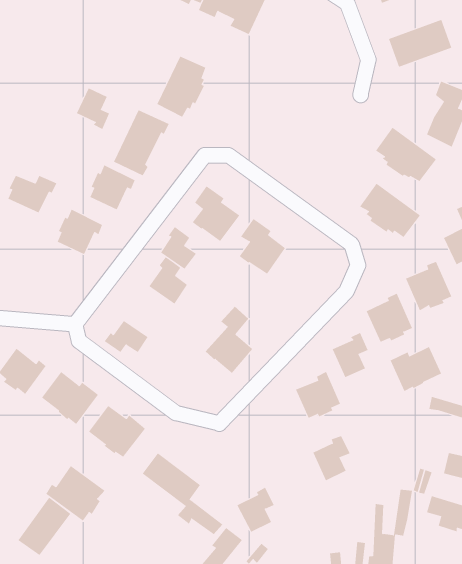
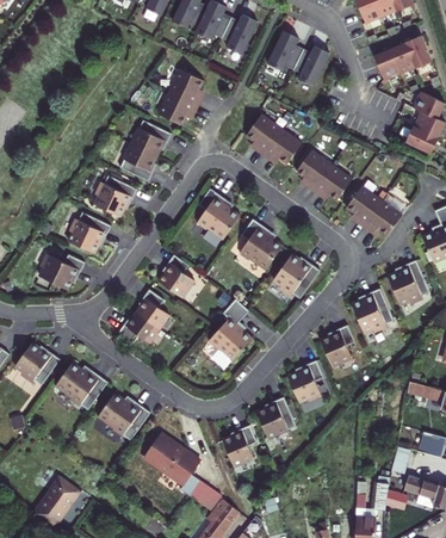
building: none -> [268,33,330,89]
building: [76,88,110,130] -> none
building: none -> [248,116,303,167]
building: [375,127,437,182] -> [297,151,353,202]
building: [8,175,57,213] -> [41,254,86,289]
building: [160,226,197,269] -> [131,289,165,328]
building: none -> [273,253,320,293]
building: [390,346,442,392] -> none
building: [313,435,351,481] -> [256,395,291,437]
building: [46,465,105,521] -> none
building: [237,487,275,533] -> [222,422,256,464]

